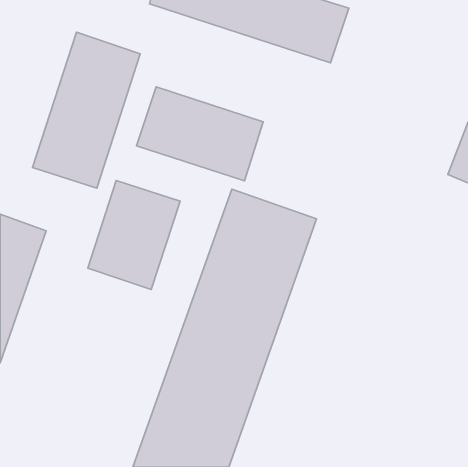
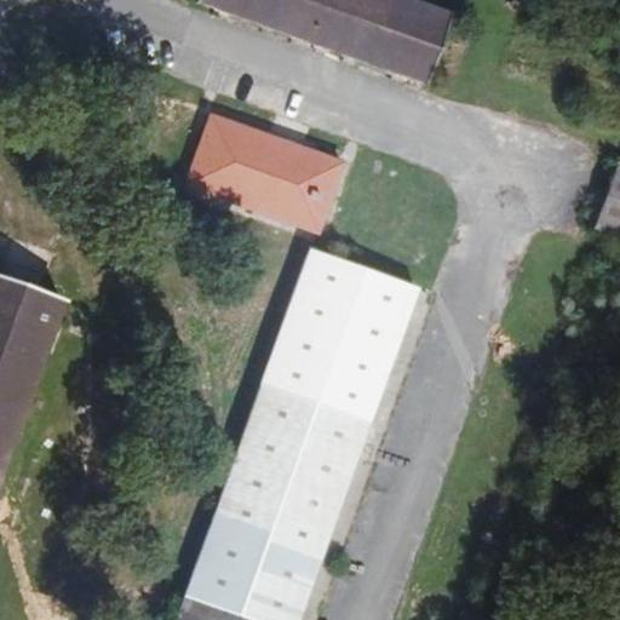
building: [32,32,140,188] -> none
building: [88,180,180,289] -> none

